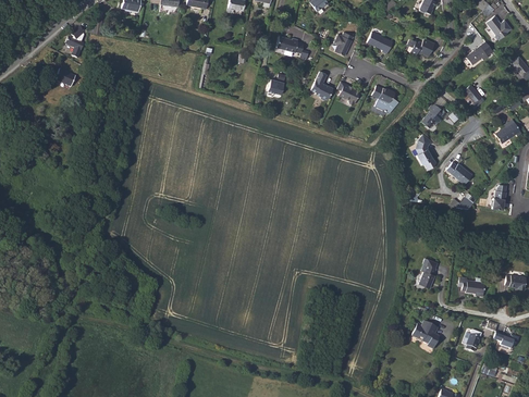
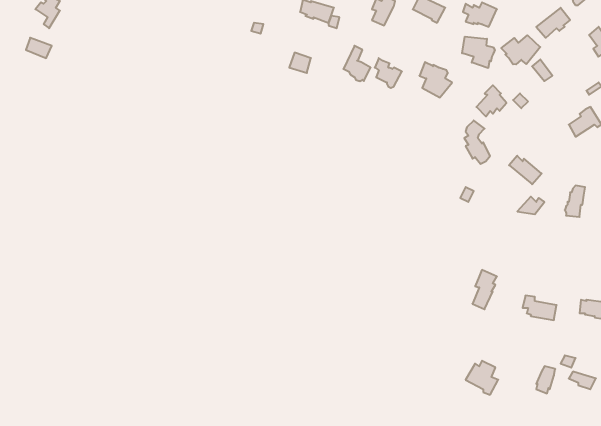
building: none -> [501,35,540,64]
building: none -> [462,37,495,68]

